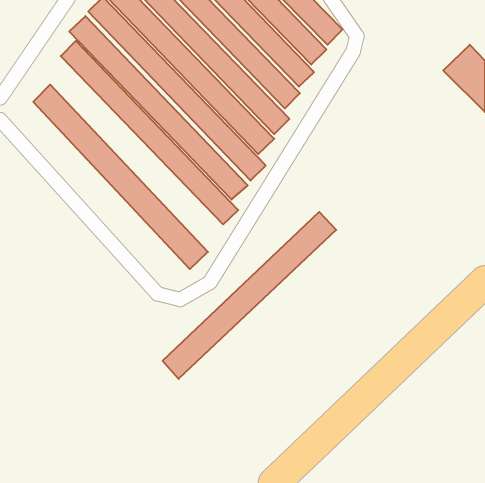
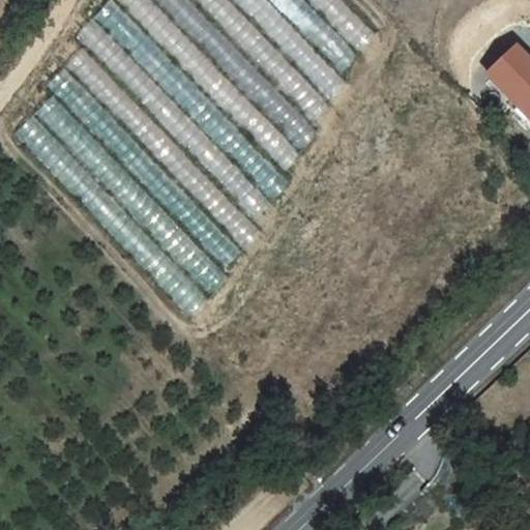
building: none -> [47,65,241,265]
building: none -> [14,113,205,313]
building: [163,212,336,379] -> none

